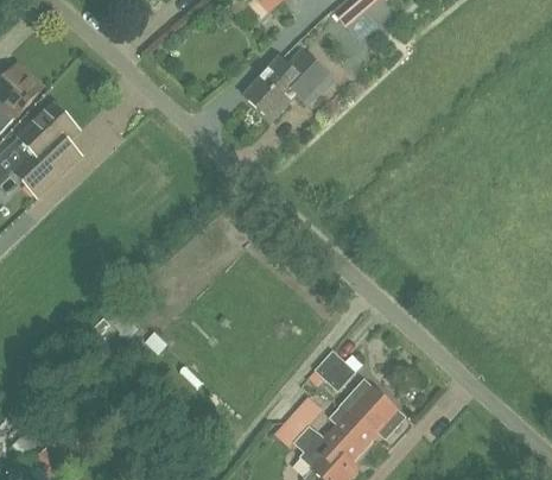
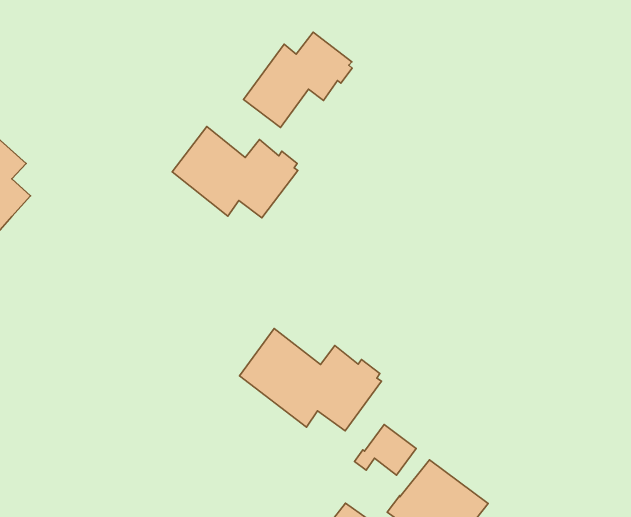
building: none -> [172,127,298,218]
building: none -> [239,329,381,431]

